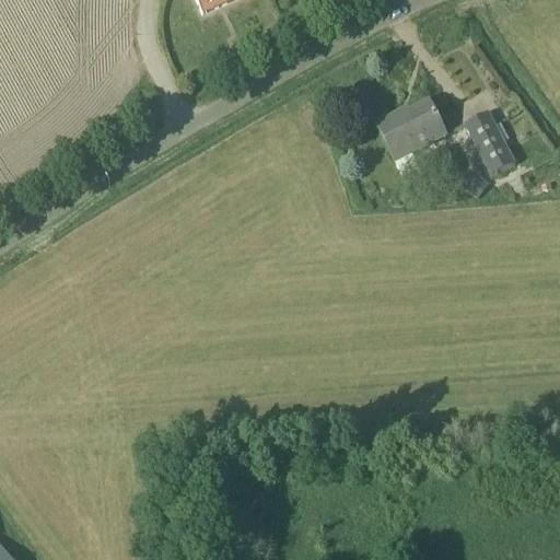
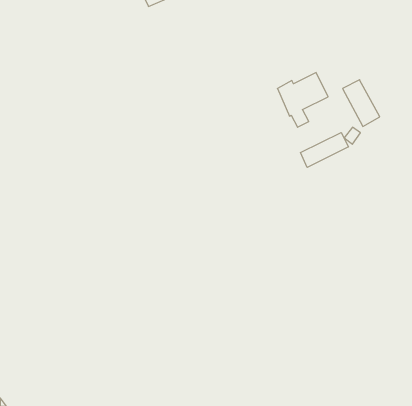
building: none -> [300,133,348,167]

